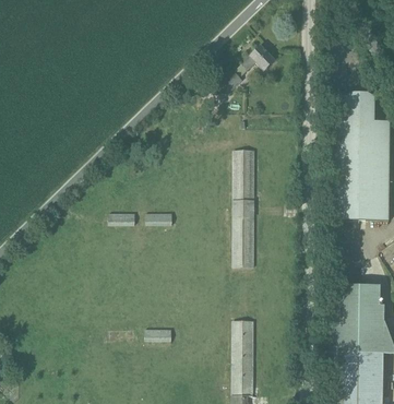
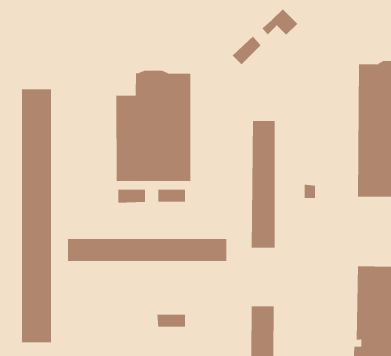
building: none -> [116,70,191,182]
building: none -> [21,88,51,343]
building: none -> [67,238,227,262]

